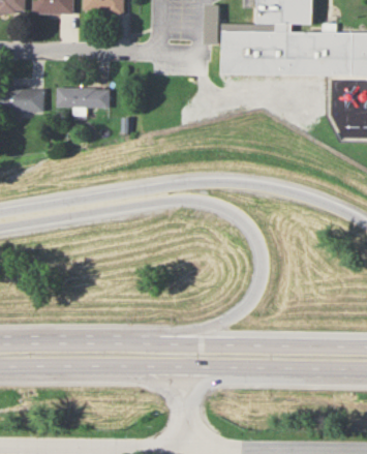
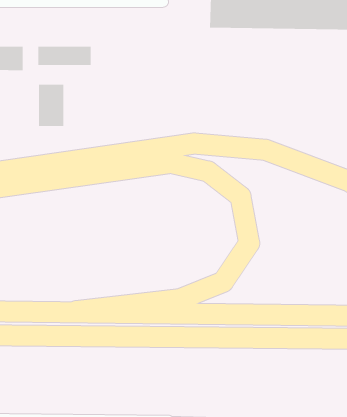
building: none -> [39,84,64,127]

